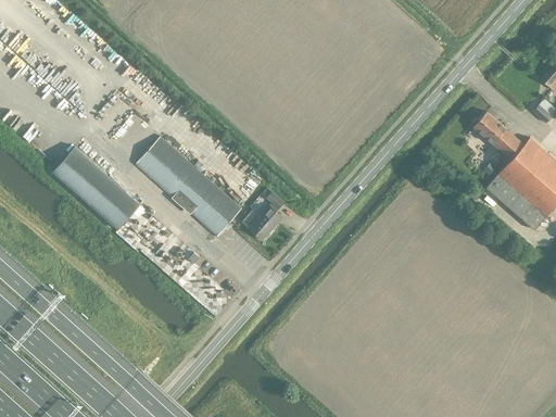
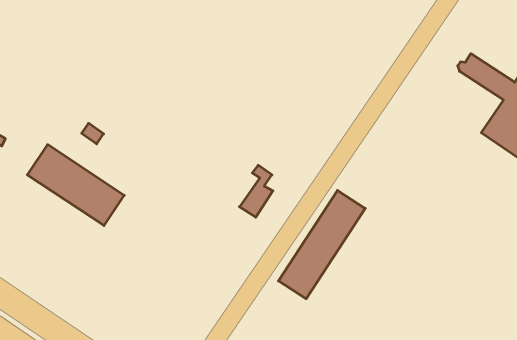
building: [135,136,240,236] -> none
building: none -> [278,190,365,299]

